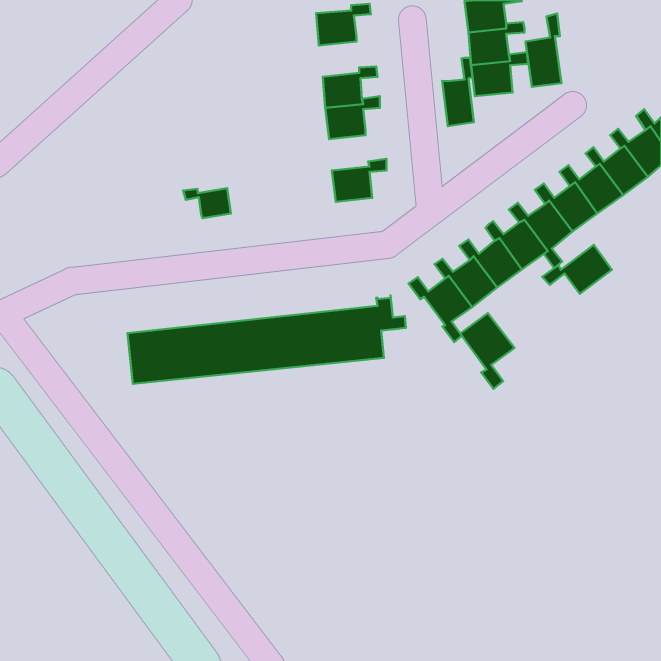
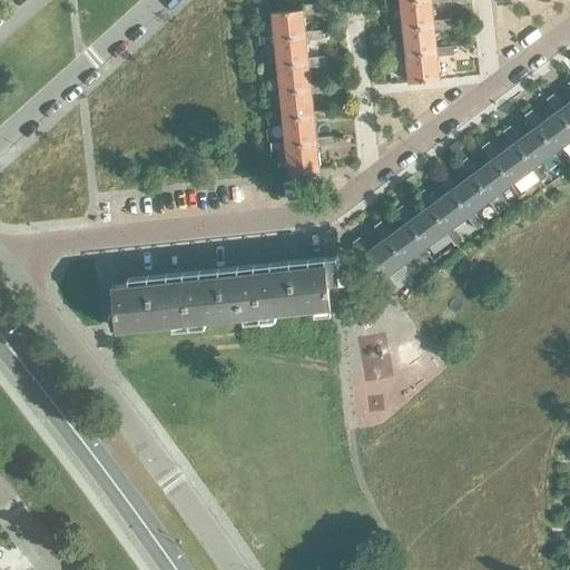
building: [525,13,561,87] -> none
building: none -> [273,33,321,69]
building: [442,58,474,126] -> none
building: none -> [282,112,328,149]
building: [183,188,231,218] -> none
building: [542,245,612,294] -> none
building: [460,313,515,389] -> none

